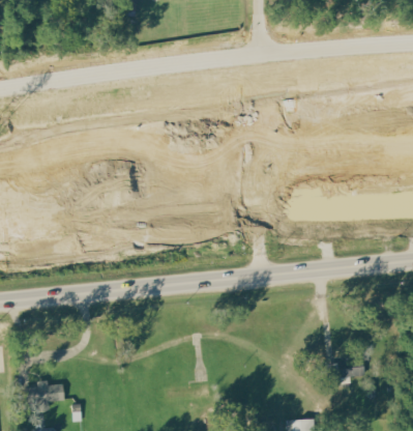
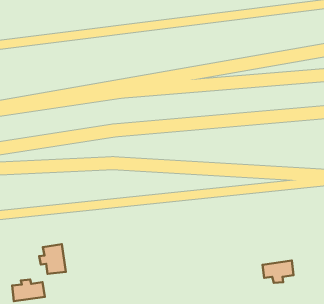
building: none -> [39,244,66,274]

